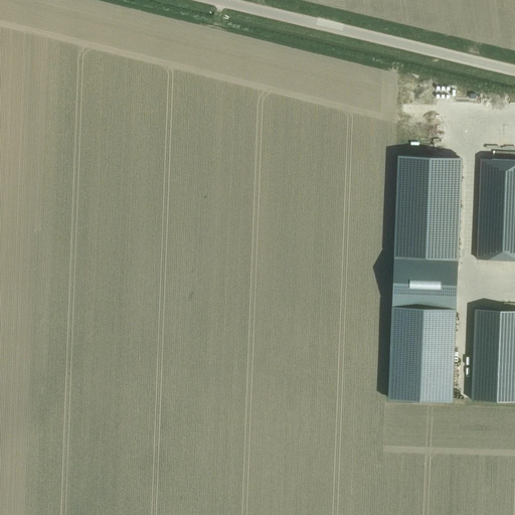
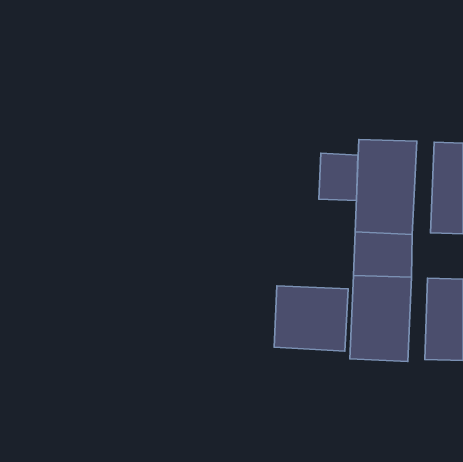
building: none -> [319,153,358,201]
building: none -> [274,286,348,351]

